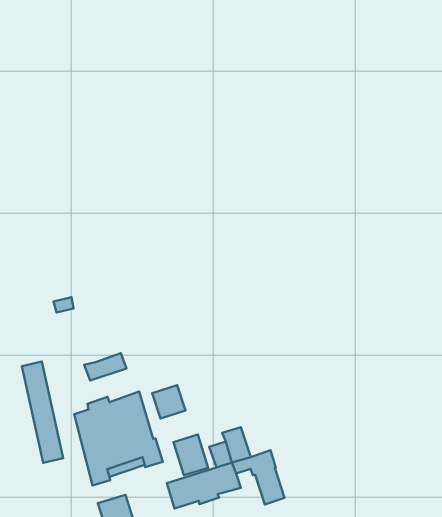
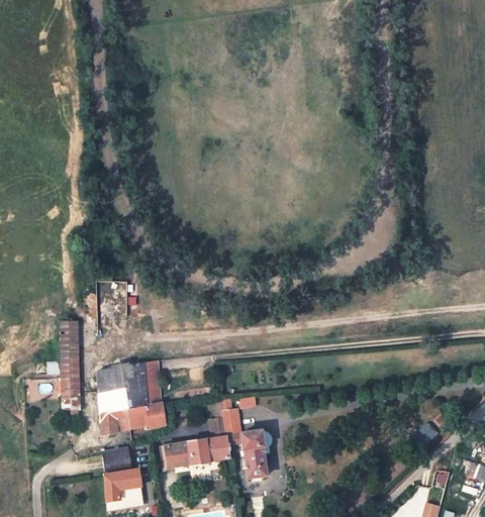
building: [84,353,126,380] -> none
building: [152,385,186,418] -> none
building: [173,435,208,475] -> none

